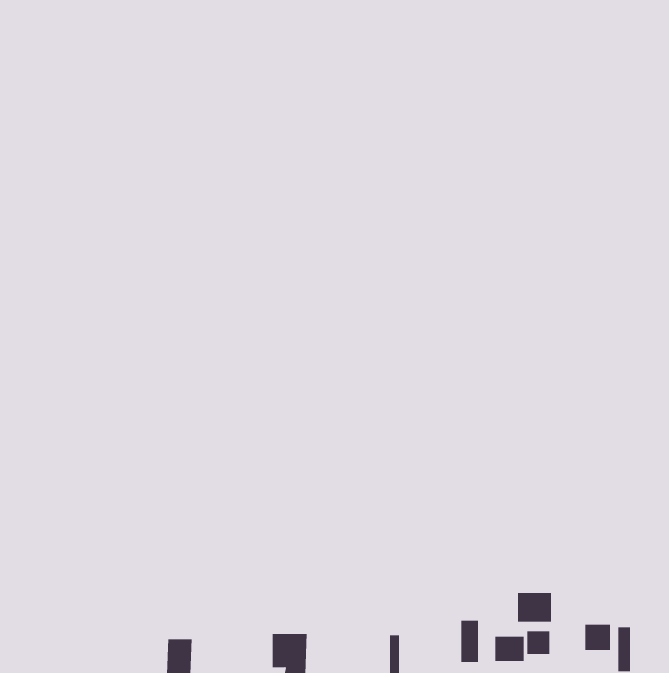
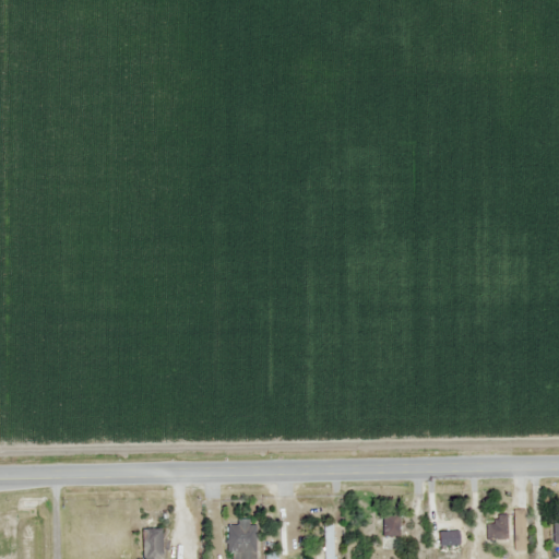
building: [517,592,551,622] -> none
building: [495,636,524,662] -> none

